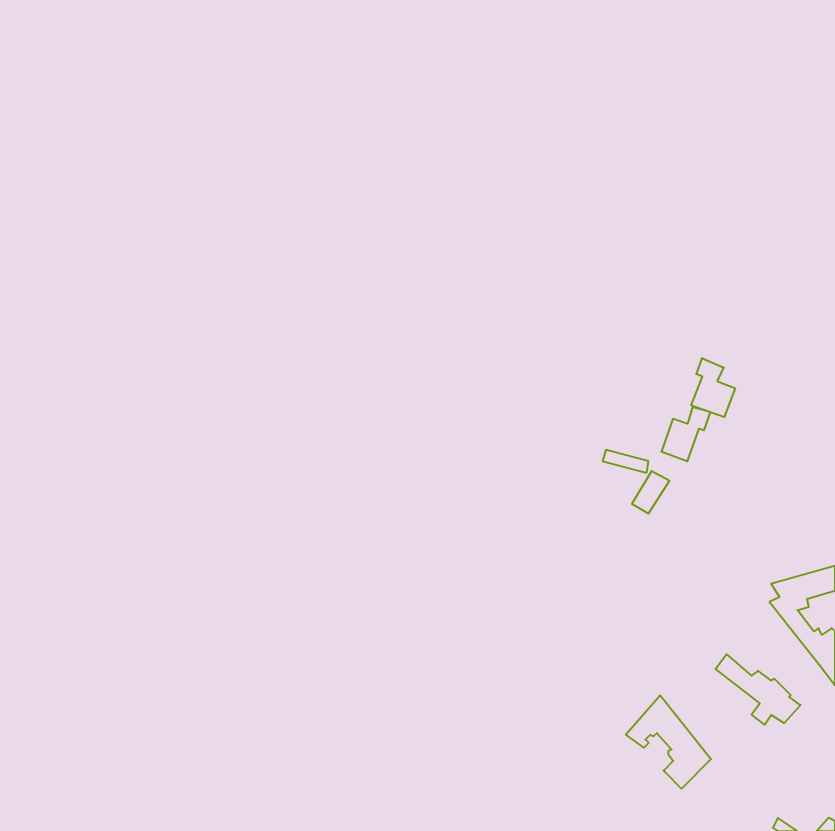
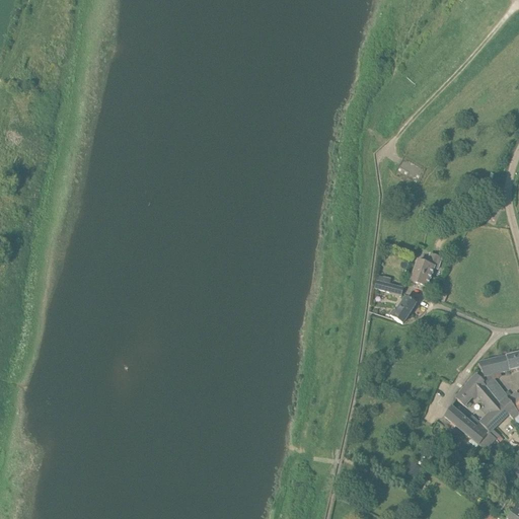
building: [691,358,735,417] -> none
building: [626,695,711,789] -> [455,373,508,431]

